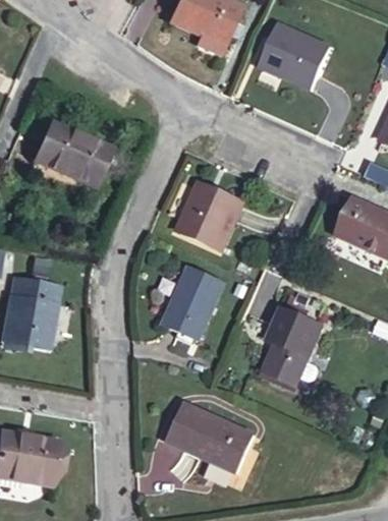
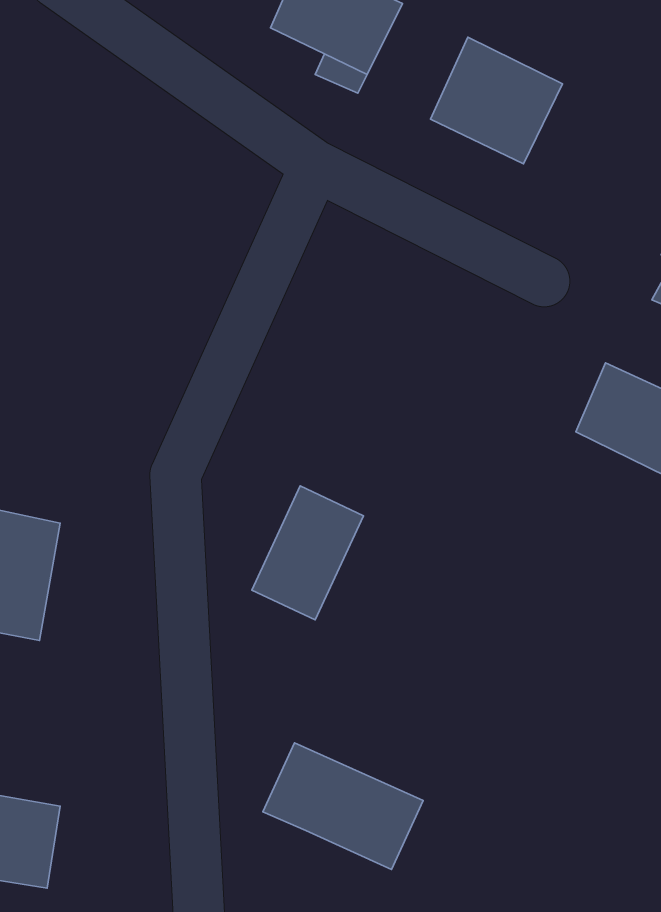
building: [35,120,111,183] -> none
building: [179,180,244,246] -> none
building: [260,304,324,389] -> none

